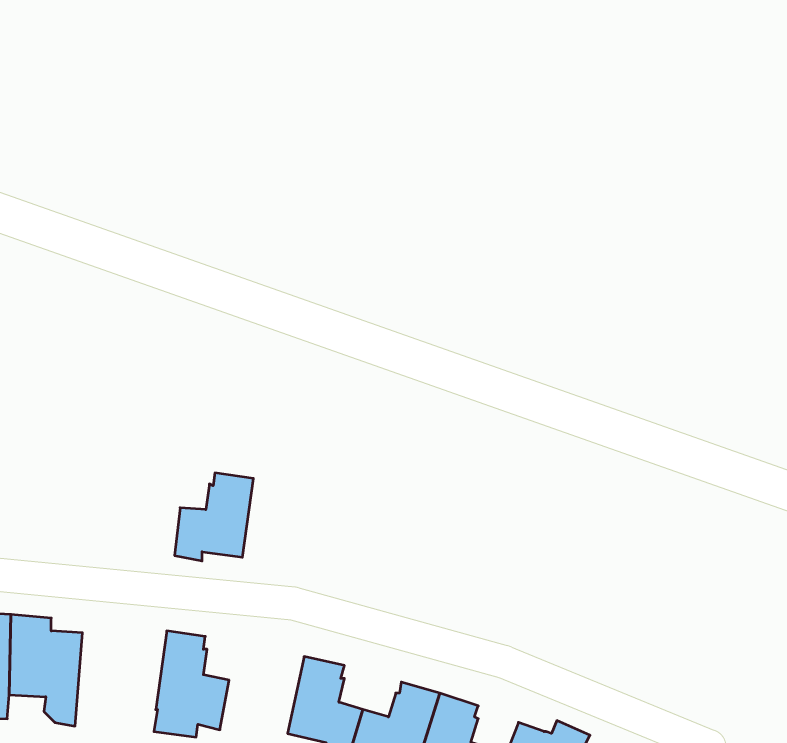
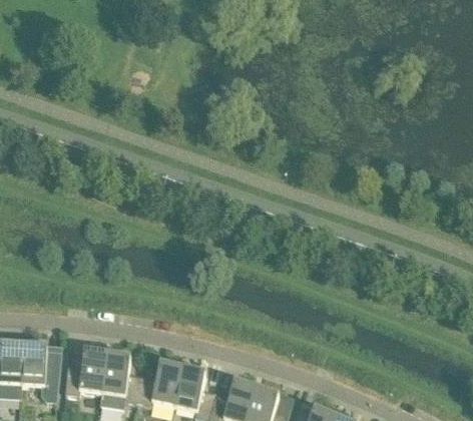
building: [175,473,253,561] -> [63,348,106,396]
building: none -> [135,360,181,407]

